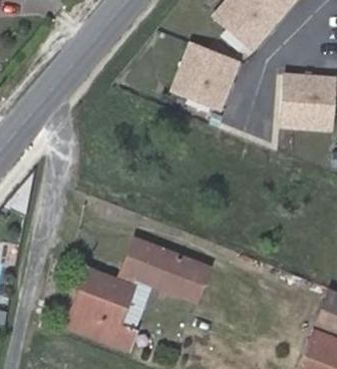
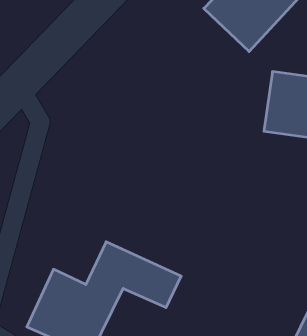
building: [168,40,242,112] -> none

